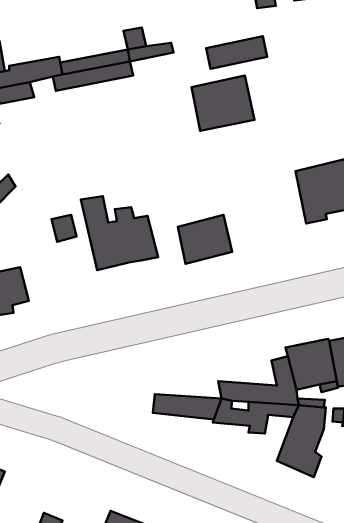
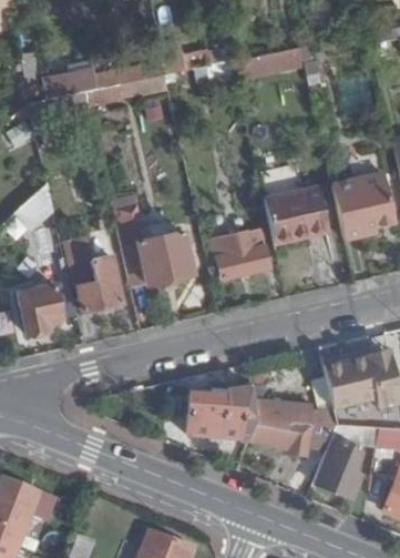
building: [191,75,255,131] -> [266,186,330,243]
building: none -> [73,255,123,310]
building: none -> [192,385,259,417]

